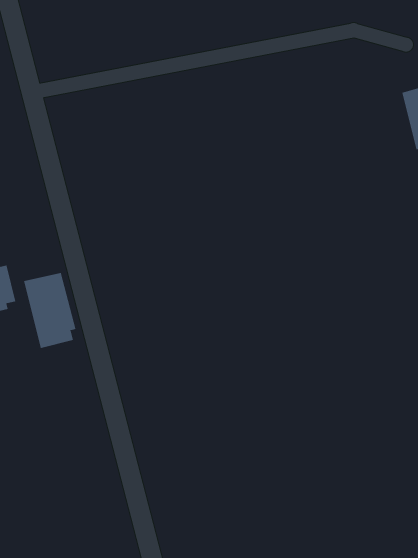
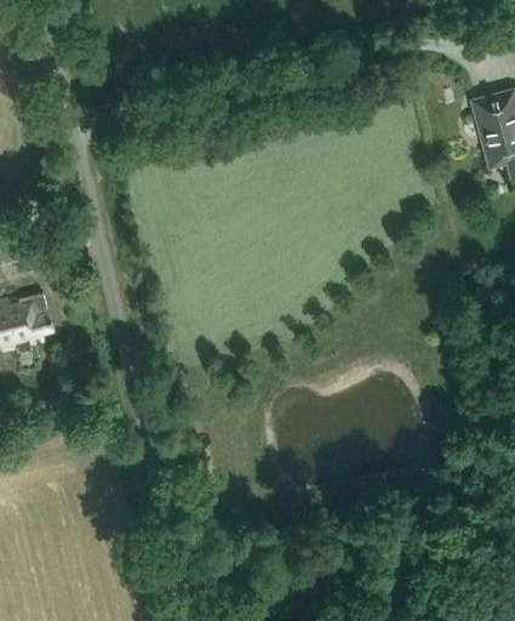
building: [24,272,76,349] -> none

